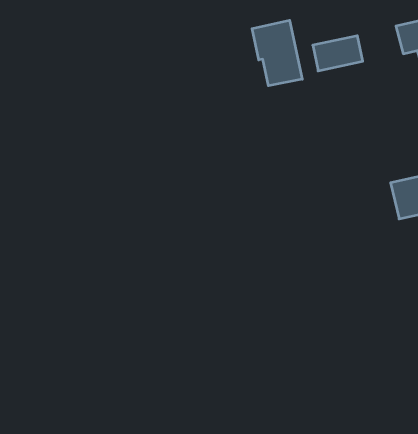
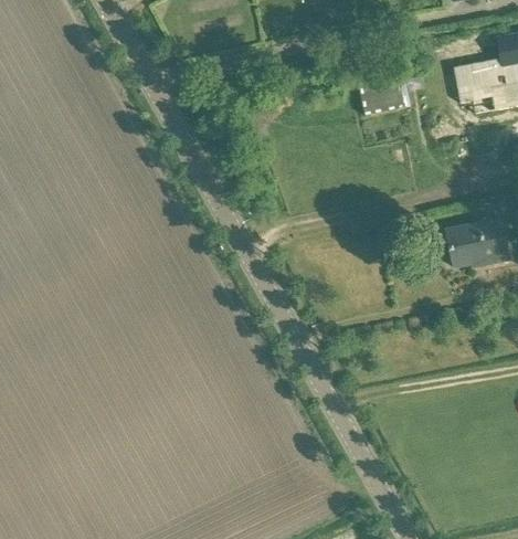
building: [252,20,302,86] -> none

